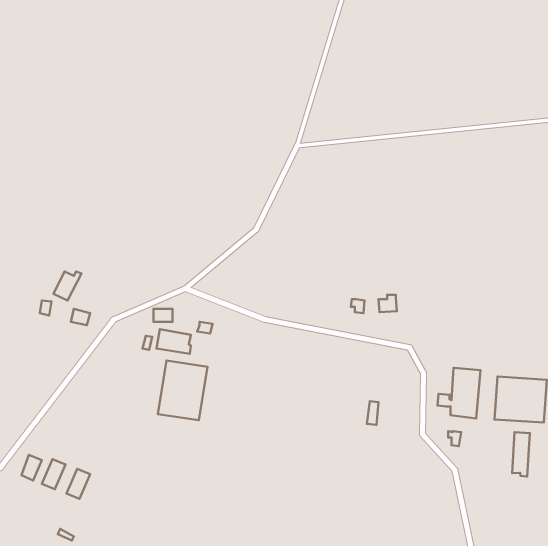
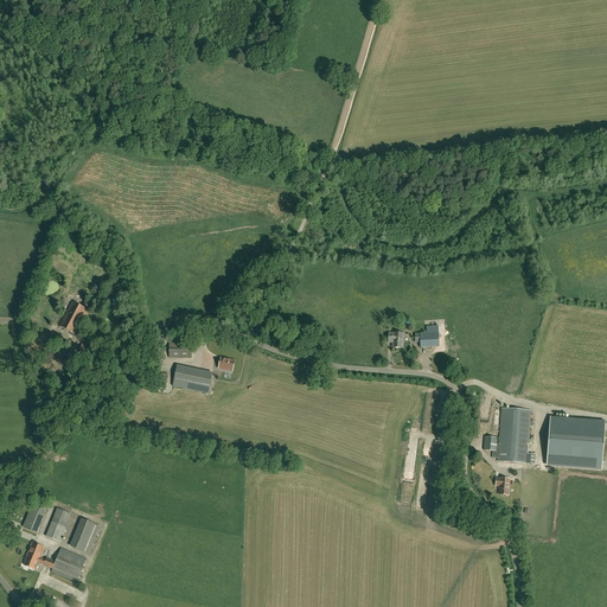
building: [158,361,208,420] -> none
building: [512,432,530,477] -> none
building: none -> [24,541,85,580]

